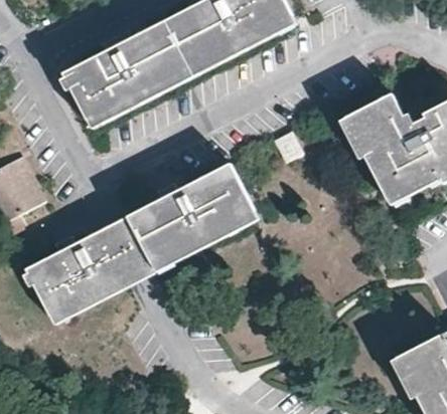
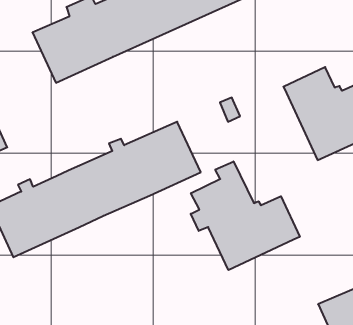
building: none -> [191,161,300,270]

